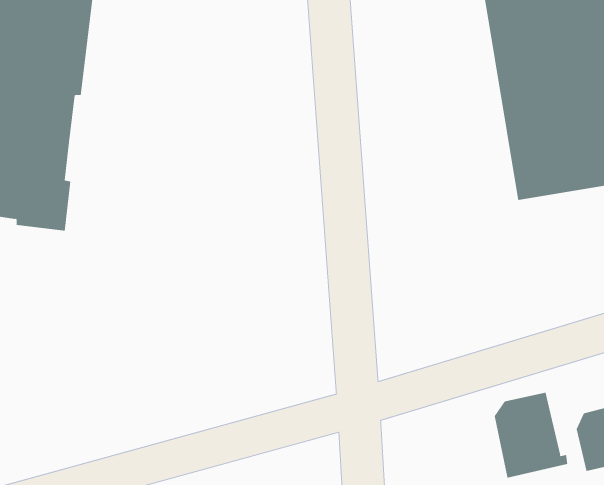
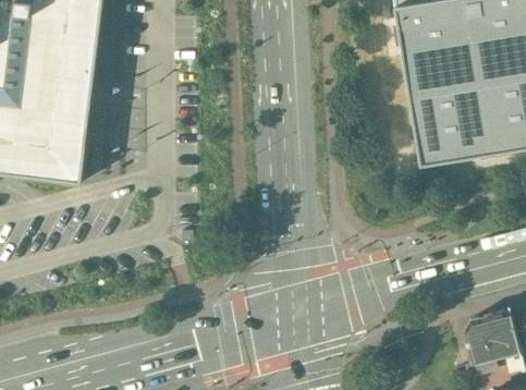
building: [494,392,568,479] -> none

